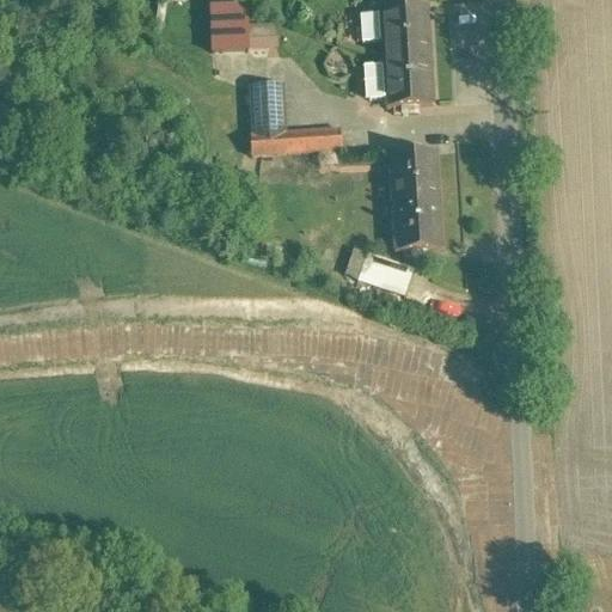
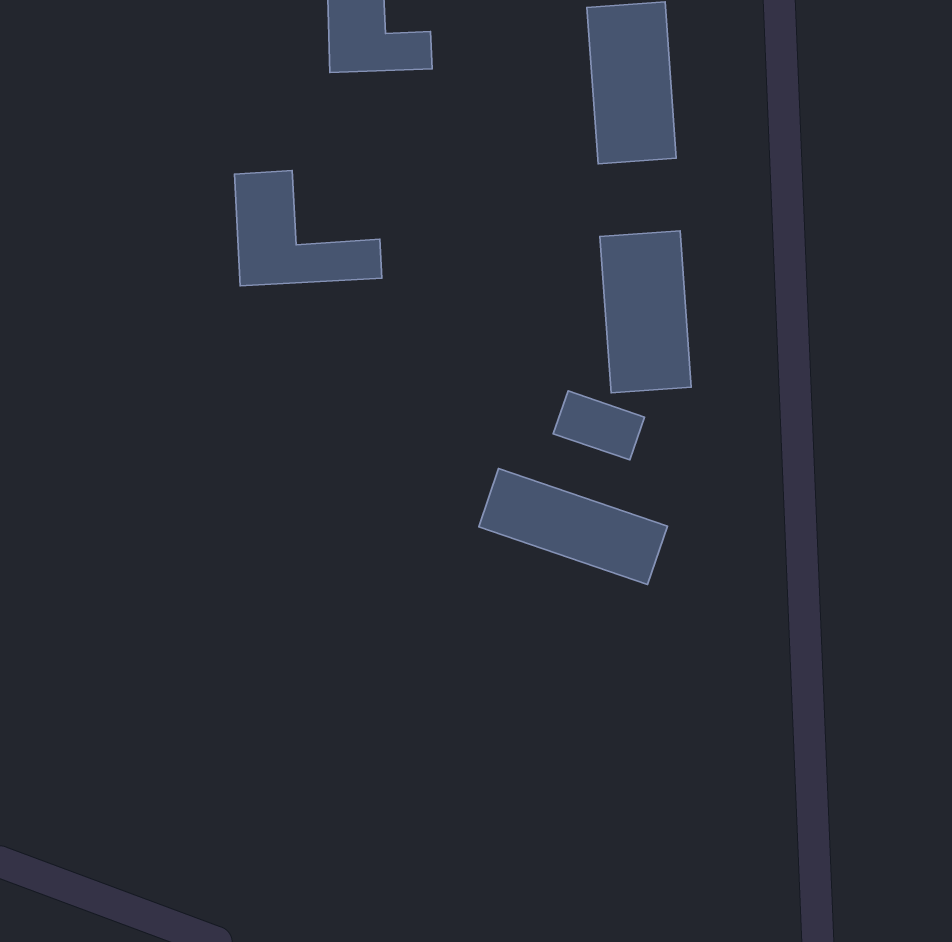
building: [247,80,342,154] -> [235,170,382,286]
building: none -> [479,469,667,584]

